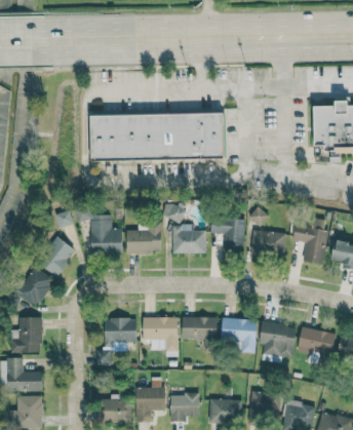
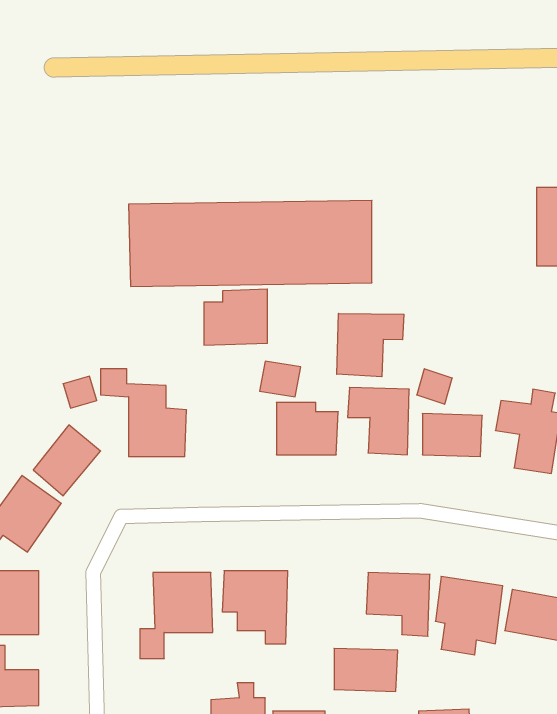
building: none -> [337,313,404,377]
building: [127,223,162,253] -> [204,289,267,345]
building: [183,316,218,340] -> [334,648,398,691]

